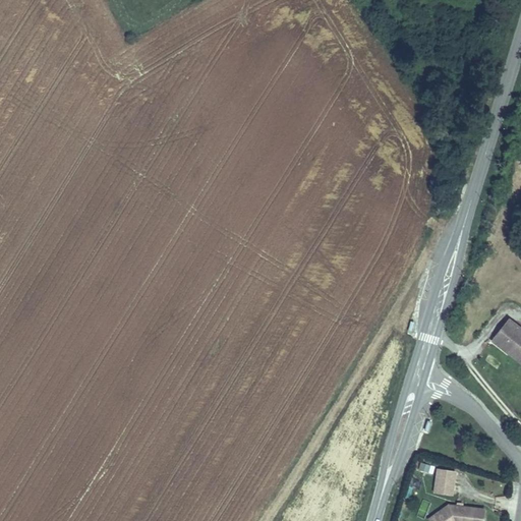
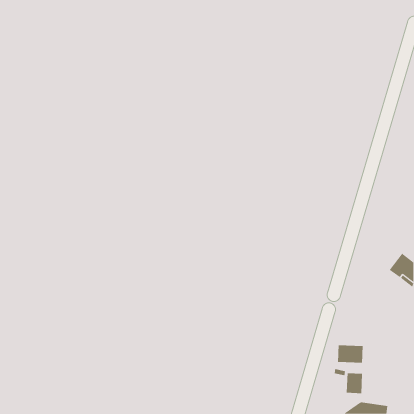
building: none -> [338,345,363,364]

